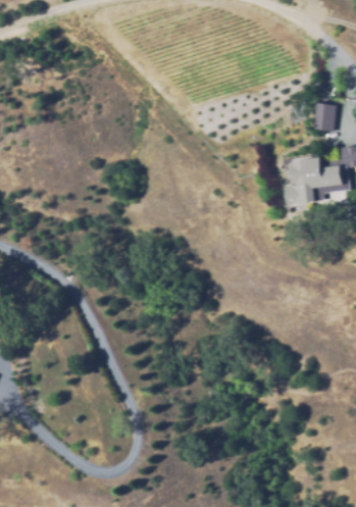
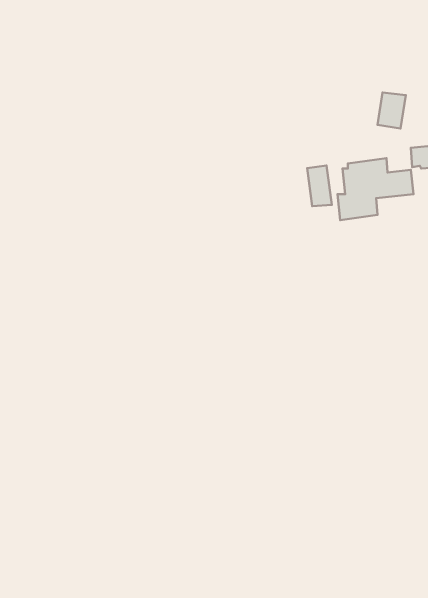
building: none -> [307,165,332,206]

